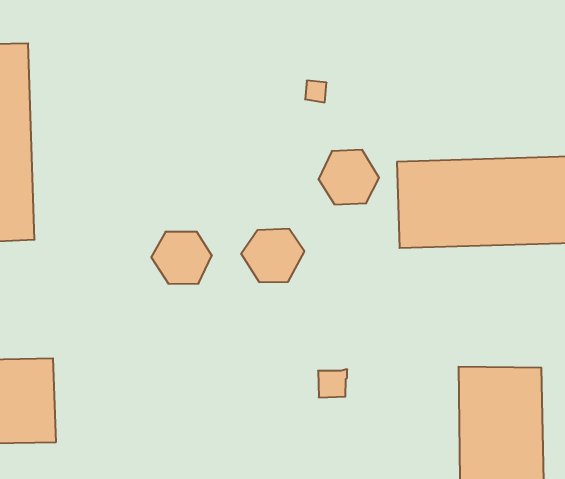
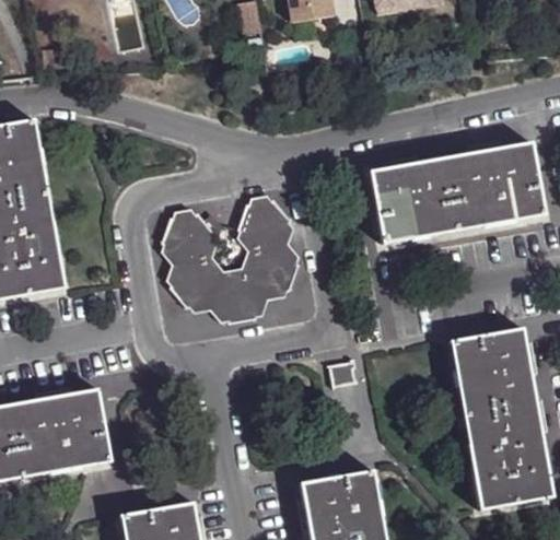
building: [318,150,379,204] -> [240,198,292,249]
building: none -> [161,213,213,263]
building: none -> [213,272,266,324]

